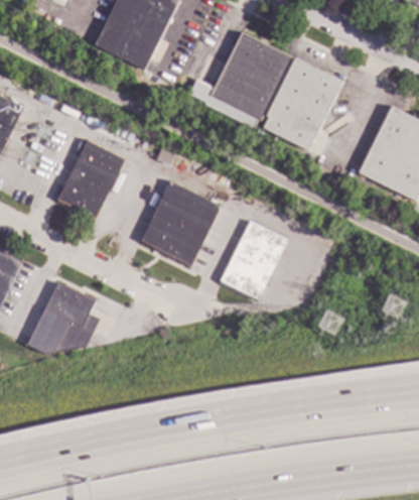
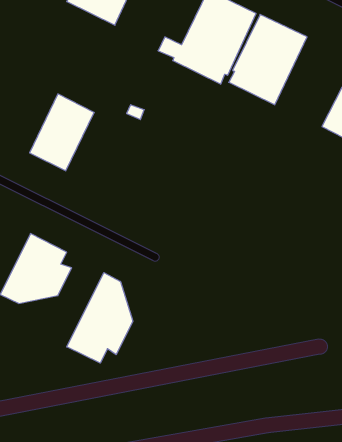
building: [140,180,220,265] -> none
building: [220,220,287,298] -> none
building: none -> [67,273,133,363]

